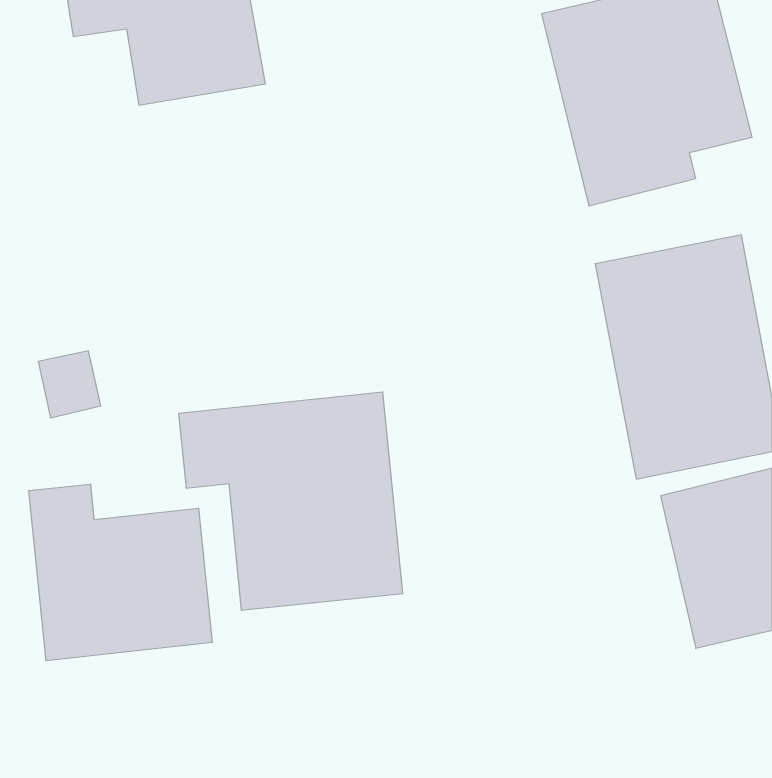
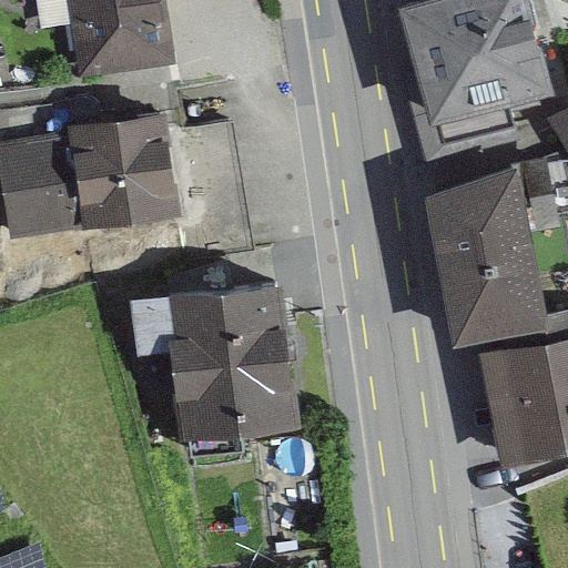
building: none -> [11,115,206,234]
building: [29,484,212,661] -> none

